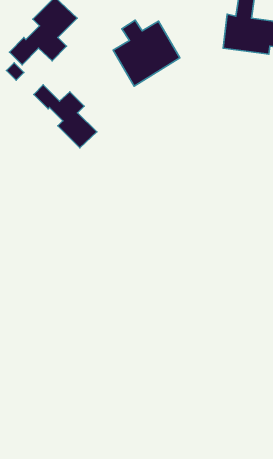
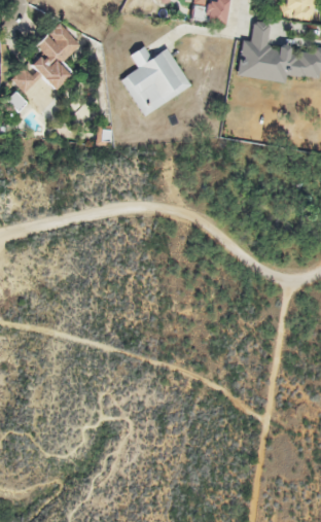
building: [34,85,97,148] -> none

